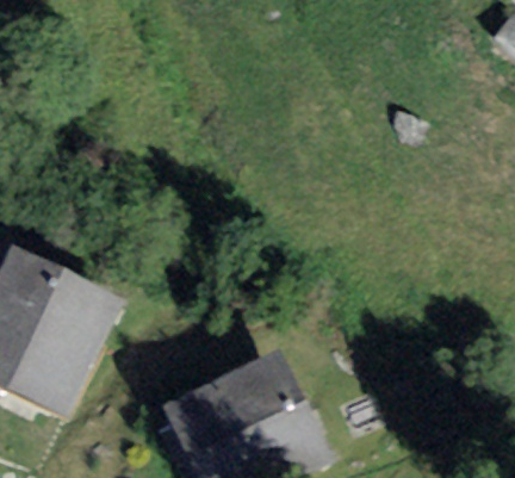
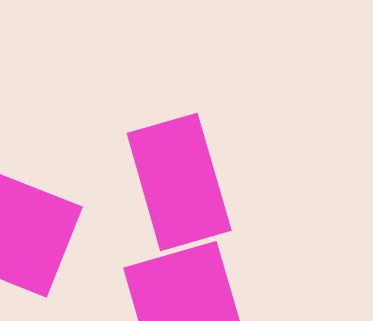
building: none -> [126,112,233,252]

